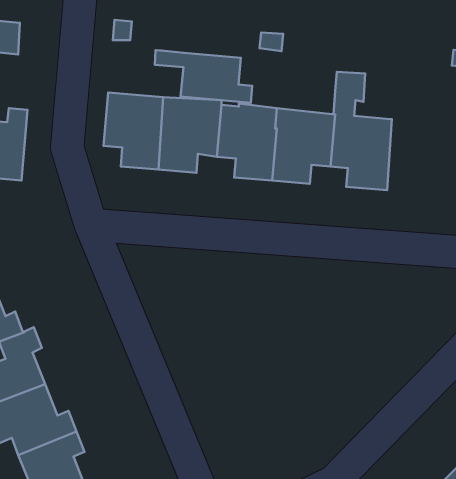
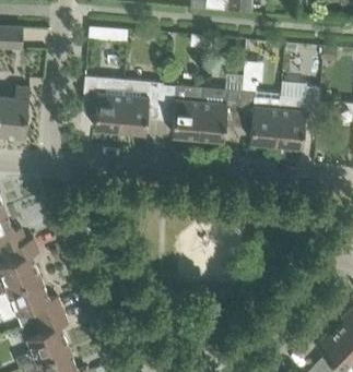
building: [155,50,252,103] -> none
building: none -> [278,86,320,146]

